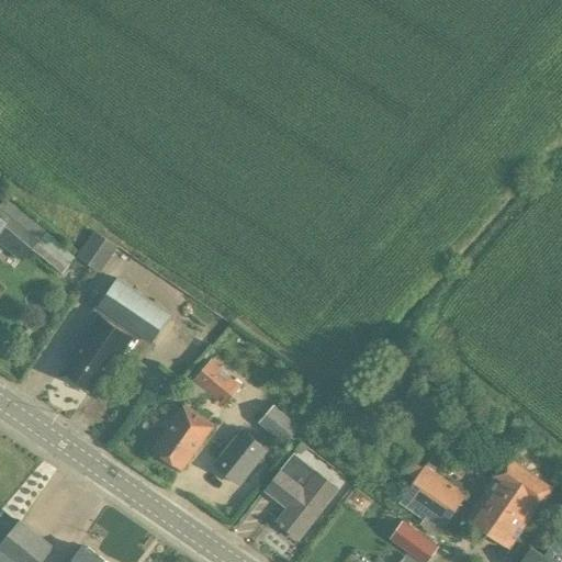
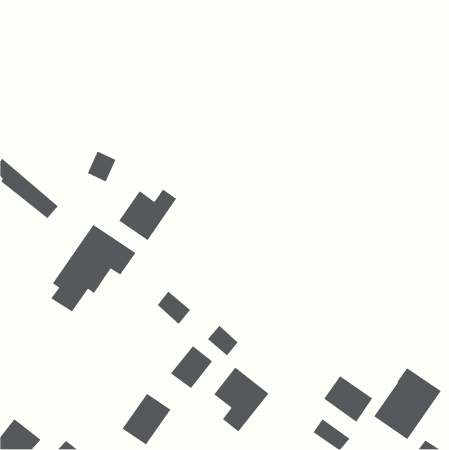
building: [79,229,116,269] -> [87,151,117,182]
building: none -> [118,189,177,241]
building: [150,404,213,470] -> [121,393,172,446]

